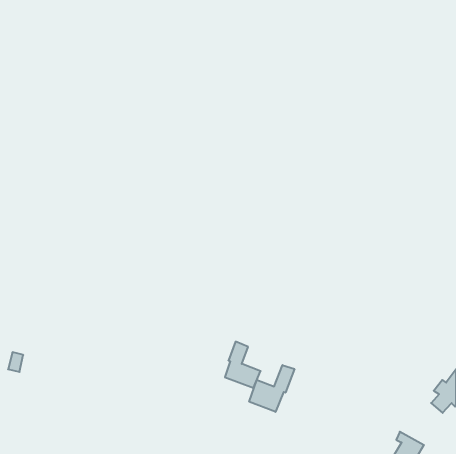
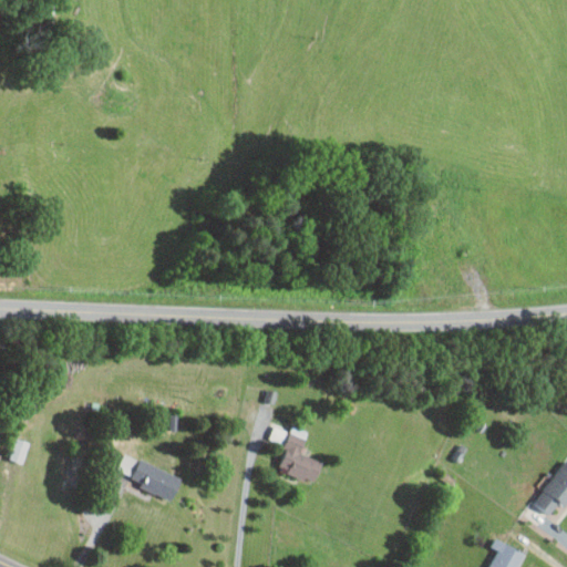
building: none -> [117,454,183,502]
building: [249,365,294,412] -> none

